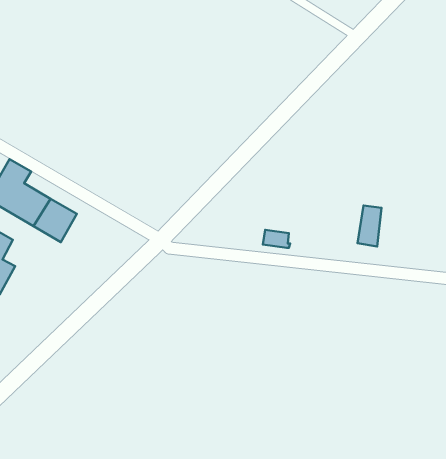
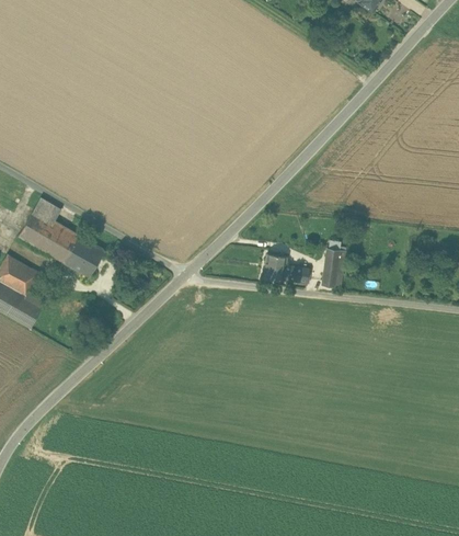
building: [358,205,382,246] -> [321,249,344,288]
building: none -> [263,254,286,282]

